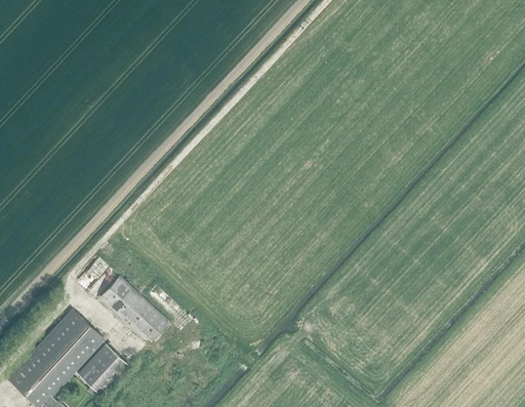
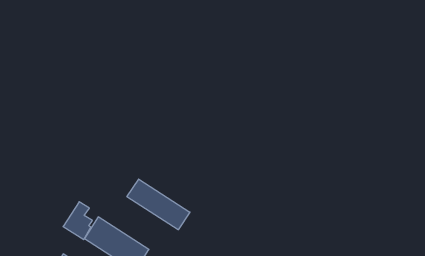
building: none -> [127,179,190,230]

